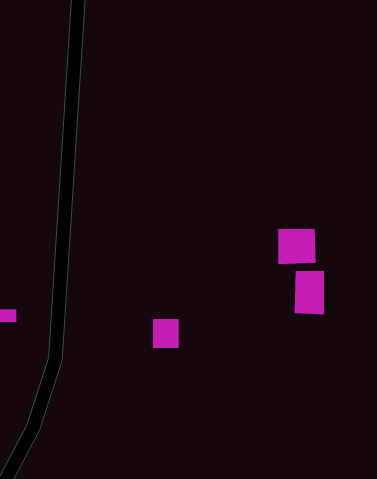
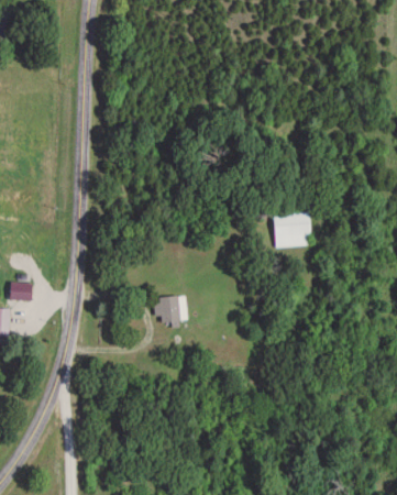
building: [294,270,325,315] -> none

